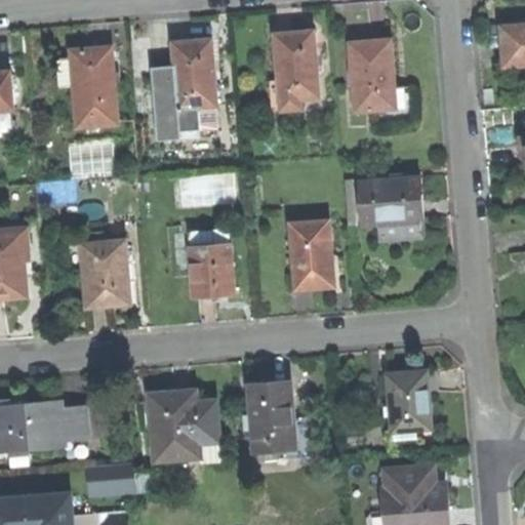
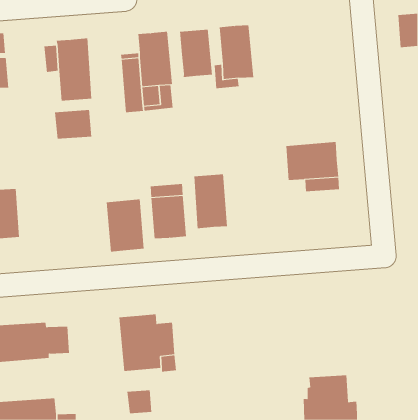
building: none -> [180,29,212,78]
building: [349,39,395,111] -> none
building: [289,220,332,289] -> [193,174,228,229]
building: [80,240,128,307] -> [106,199,145,252]
building: [388,373,438,434] -> none
building: [250,383,309,459] -> none
building: [106,462,137,492] -> [127,390,152,414]

